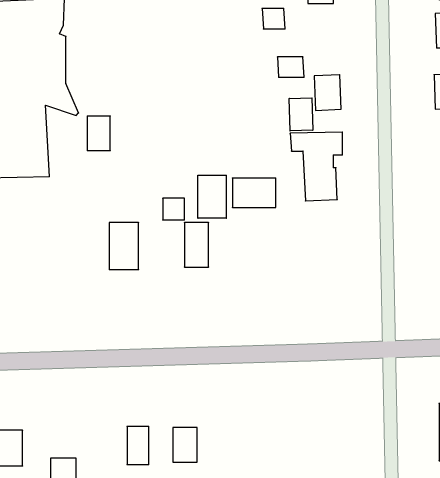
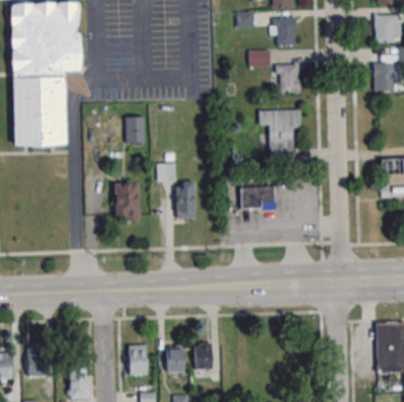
building: none -> [275,17,297,46]
building: [289,98,313,131] -> none
building: [87,116,110,151] -> [127,114,145,142]
building: [198,175,226,218] -> none
building: [232,178,276,207] -> [241,185,275,209]
building: none -> [195,342,213,370]

